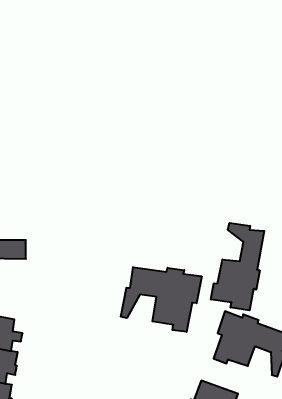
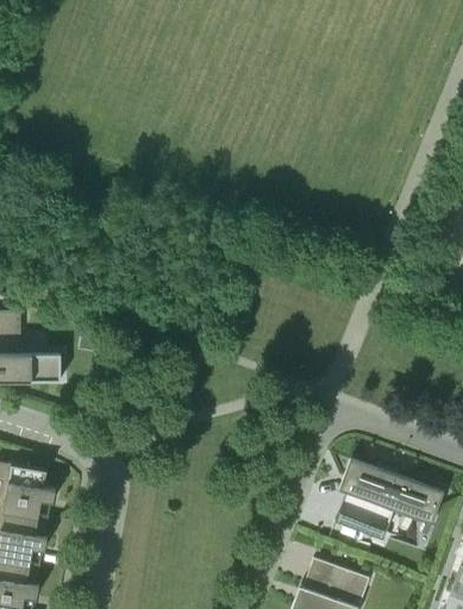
building: [211,223,264,310] -> none
building: [121,267,202,332] -> none

